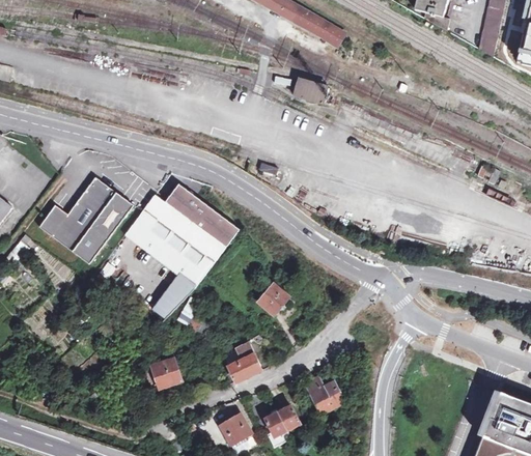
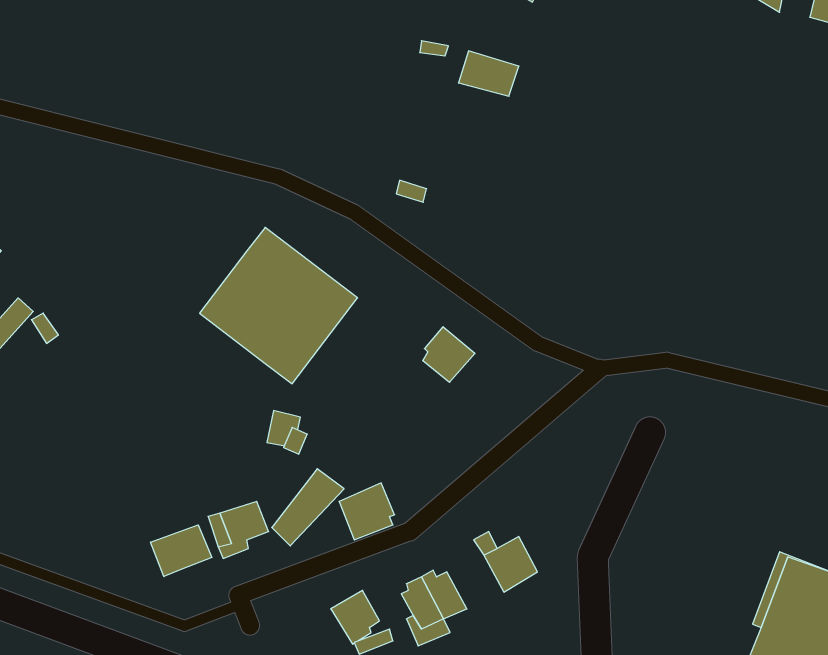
building: [37,178,132,265] -> none
building: [125,193,167,240] -> none
building: [150,272,195,319] -> [272,469,344,546]
building: [258,282,290,316] -> [423,327,475,382]
building: none -> [151,525,212,577]

